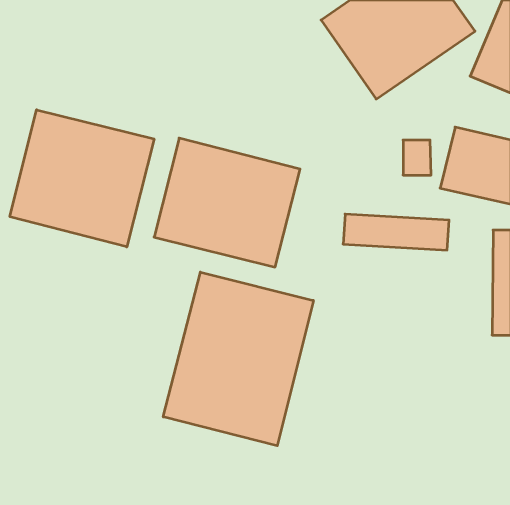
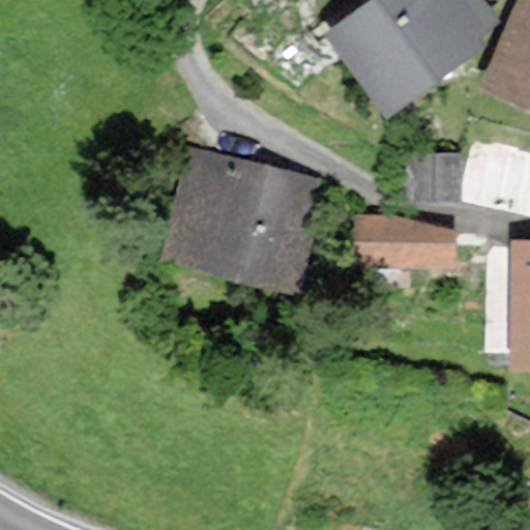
building: [10,110,154,247] -> none
building: [163,272,313,446] -> none

